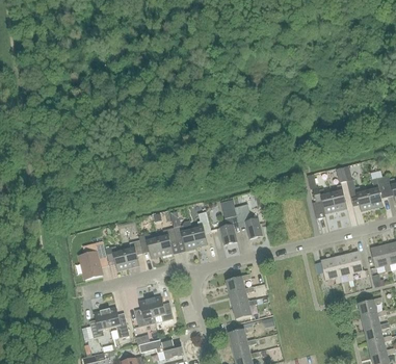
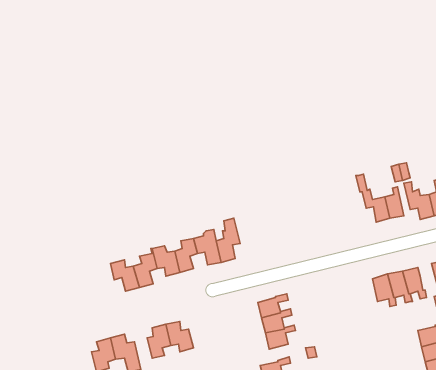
building: [220,204,262,245] -> none
building: [79,241,107,280] -> none

